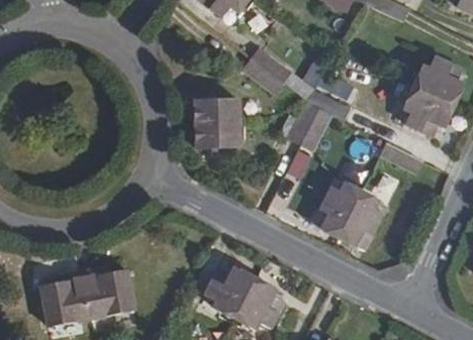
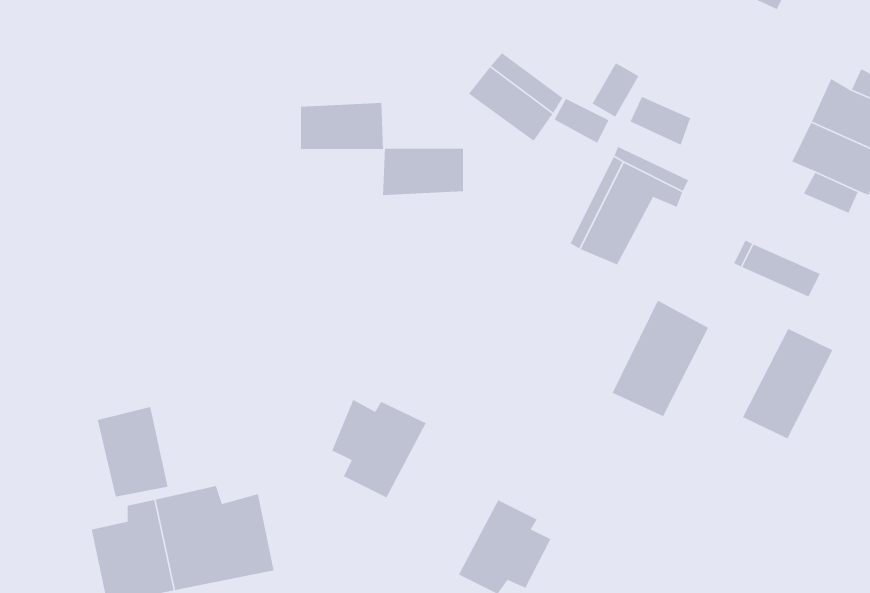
building: [196,121,239,145] -> [300,102,384,150]
building: [339,190,385,246] -> [742,328,834,440]
building: none -> [97,406,168,497]
building: [206,264,255,315] -> [331,399,427,499]

